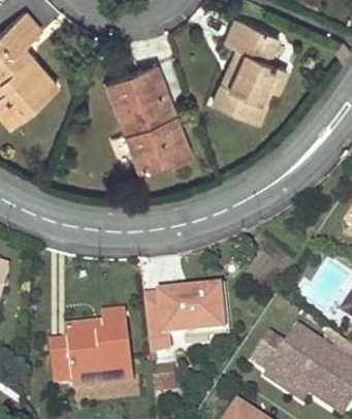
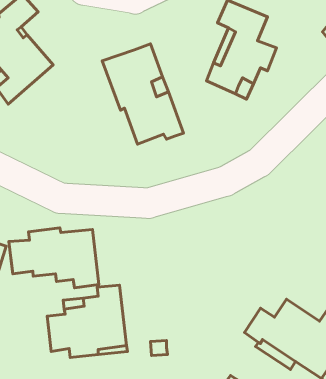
building: none -> [9,228,99,288]
building: [145,290,222,353] -> none

